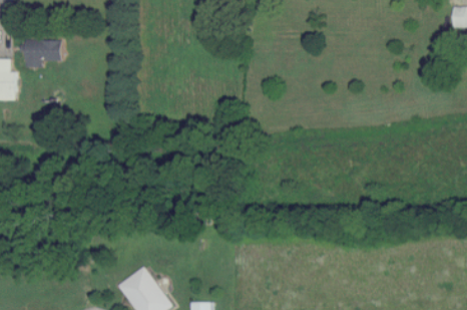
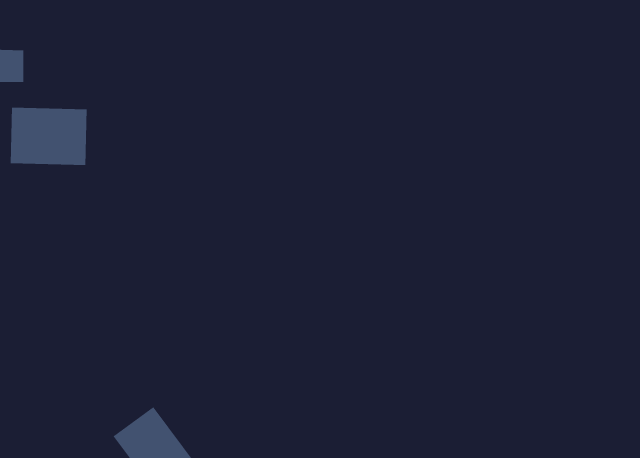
building: none -> [10,107,87,166]

